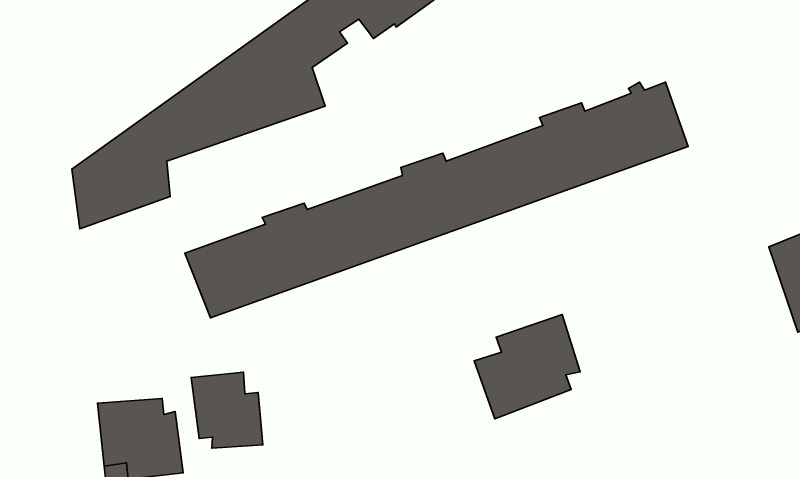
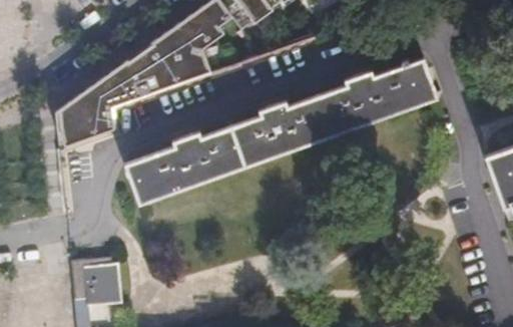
building: [474,315,580,419] -> none
building: [191,372,263,448] -> none

